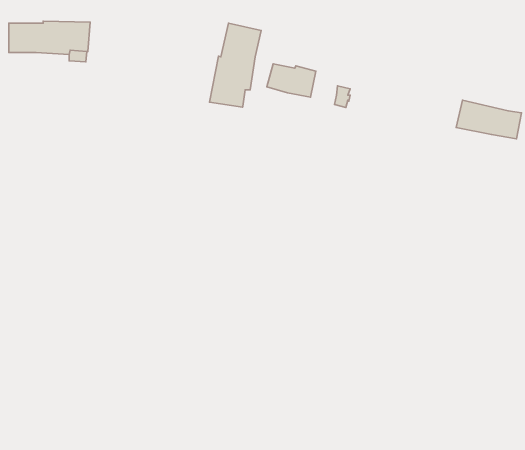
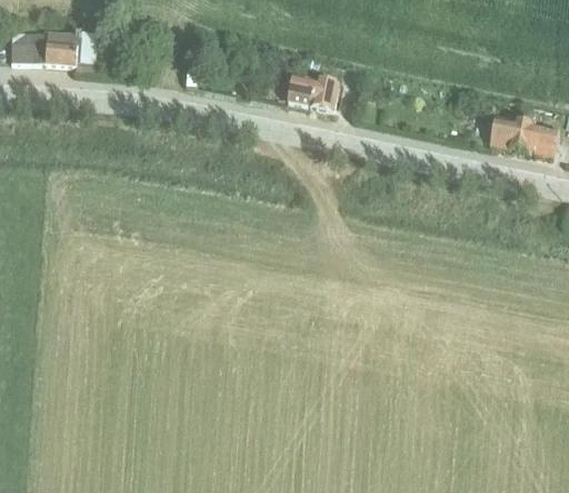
building: [209,23,261,107] -> none

